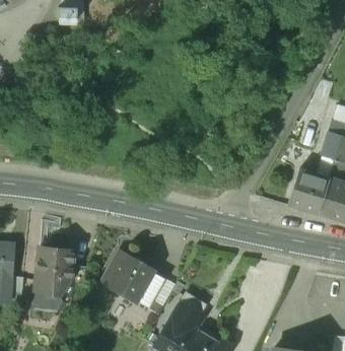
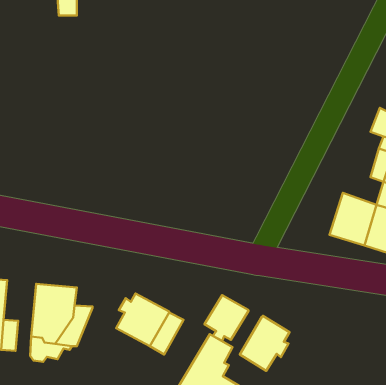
building: none -> [205,295,248,341]
building: none -> [240,316,289,371]

